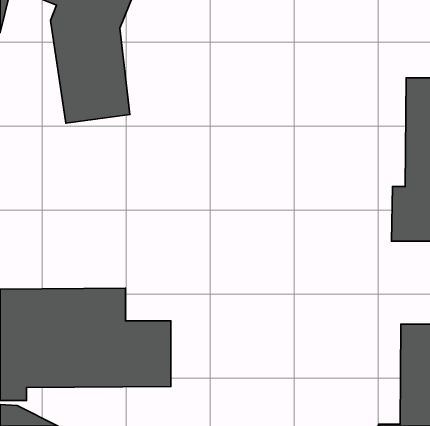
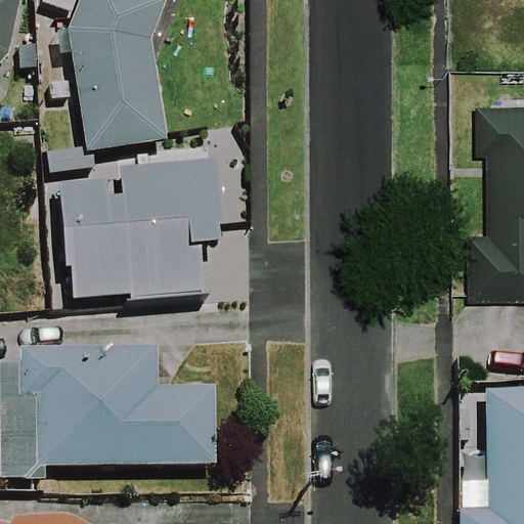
building: none -> [62,155,220,301]

